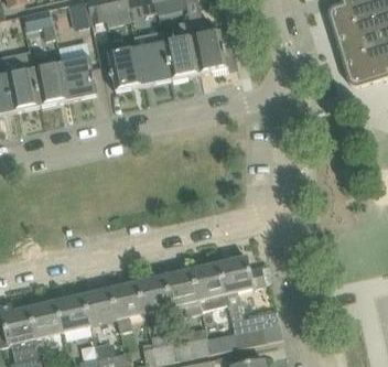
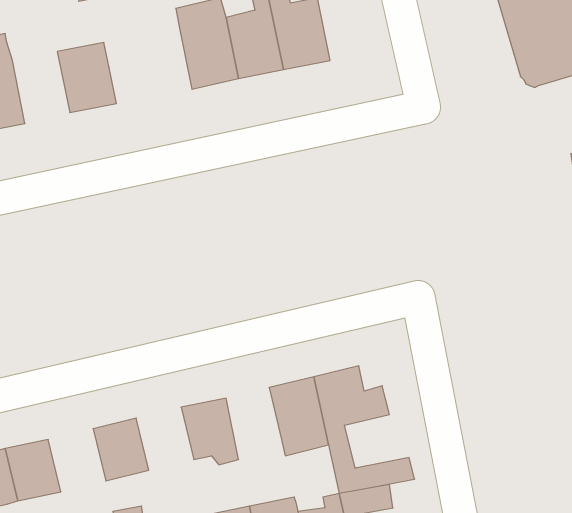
building: [108,46,144,90] -> none
building: [34,62,69,106] -> none
building: [165,268,202,319] -> none
building: [110,280,146,331] -> none
building: [56,293,91,332] -> none

